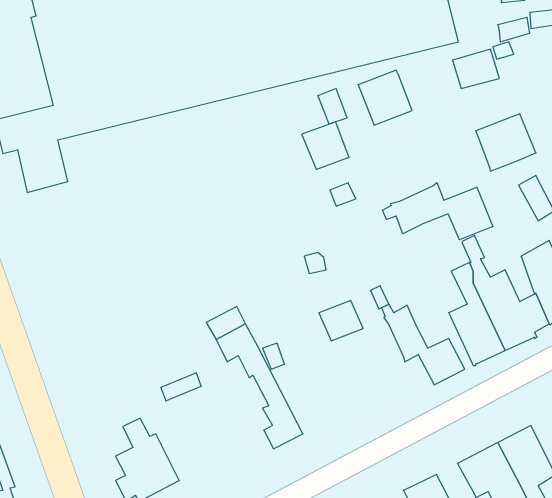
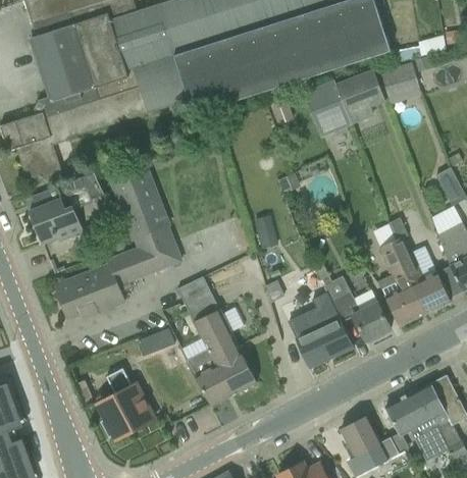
building: [476,114,536,171] -> [336,69,386,117]
building: [302,122,349,169] -> none
building: none -> [55,167,181,318]
building: none -> [30,172,104,245]
building: [383,183,493,240] -> none
building: none -> [289,291,354,368]
building: none -> [188,317,232,406]

